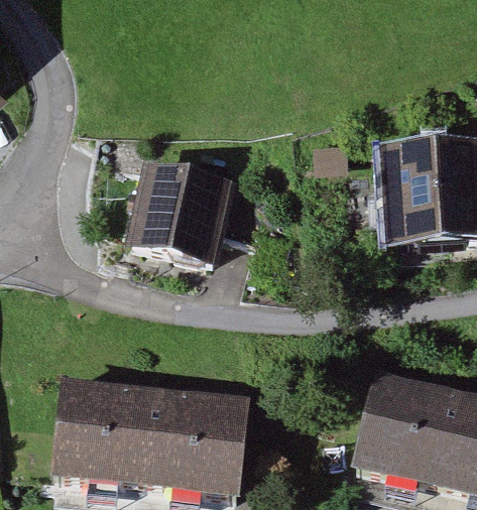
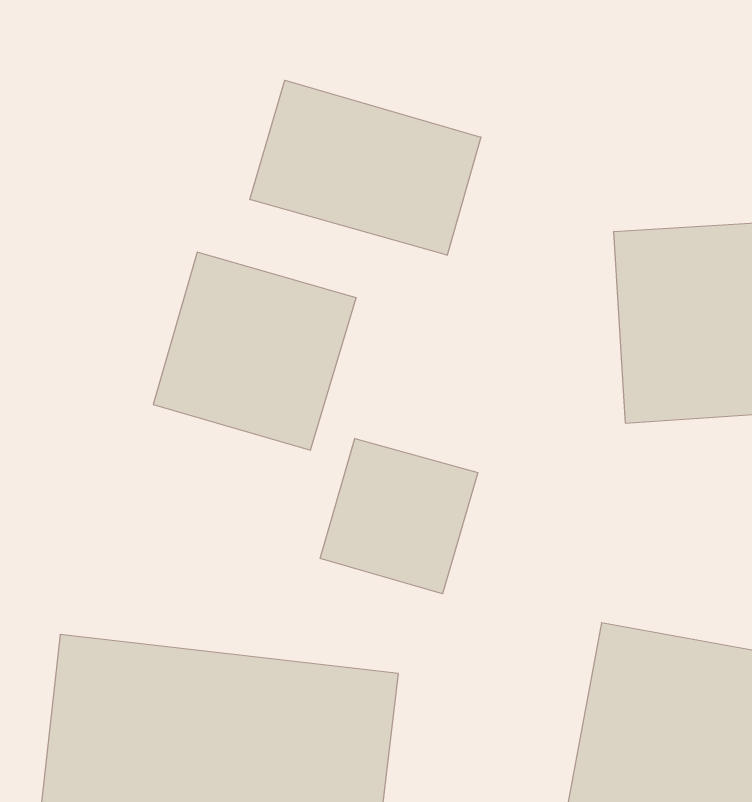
building: none -> [250,80,481,255]
building: none -> [320,438,478,594]

